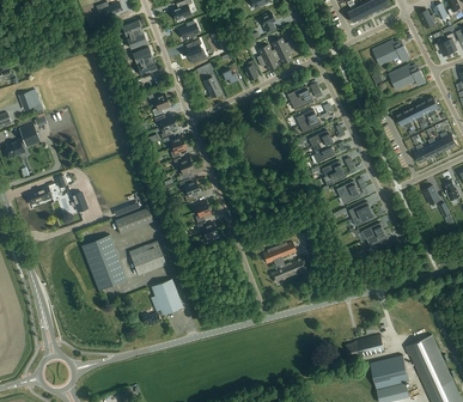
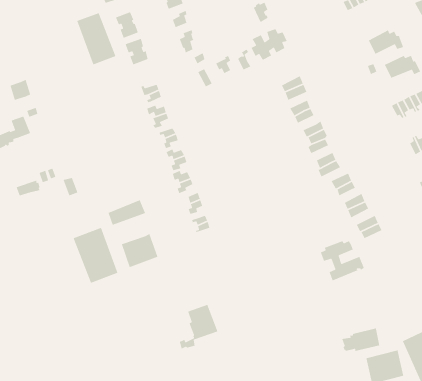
building: none -> [76,12,116,66]
building: [263,242,307,282] -> [320,240,365,281]
building: [142,279,182,324] -> [179,304,219,350]

